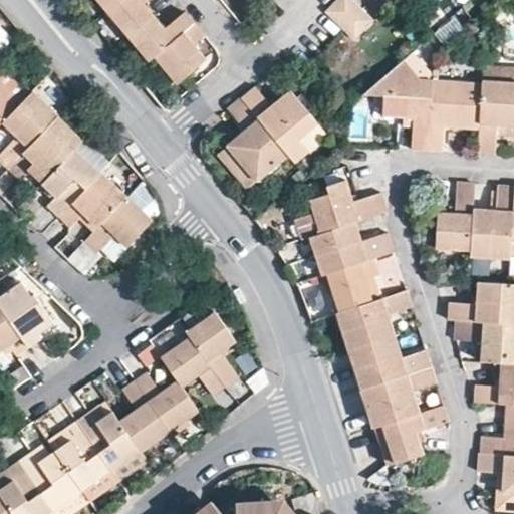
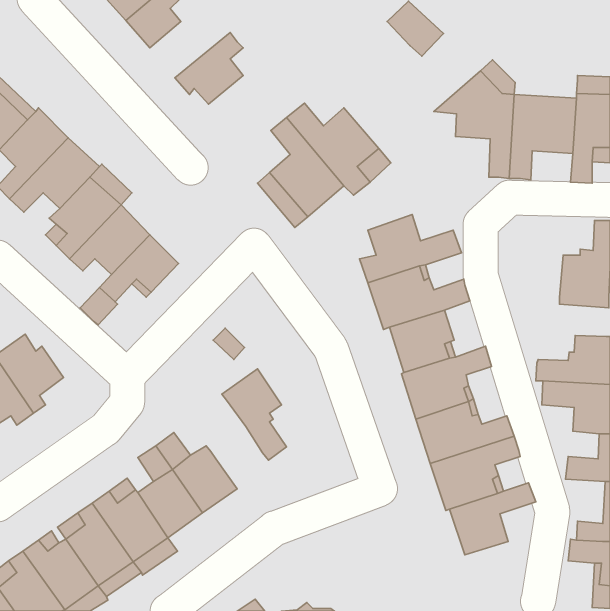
building: [125,14,193,65] -> none
building: [435,182,474,249] -> none
building: [161,335,225,395] -> none

